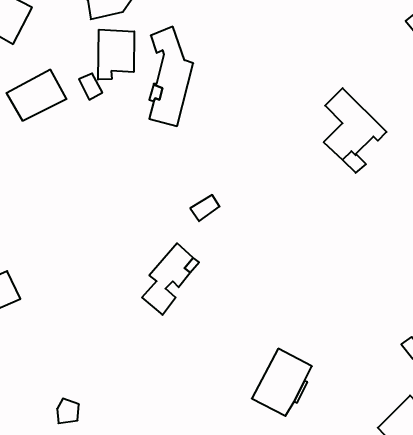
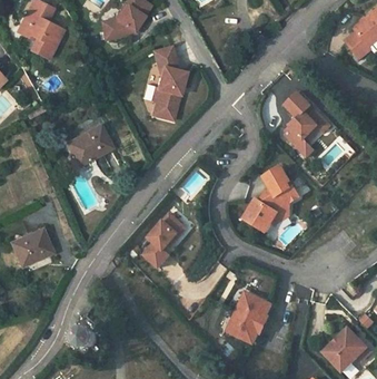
building: [98,30,134,80] -> none
building: [6,70,67,121] -> [67,126,112,165]
building: none -> [247,164,301,231]

